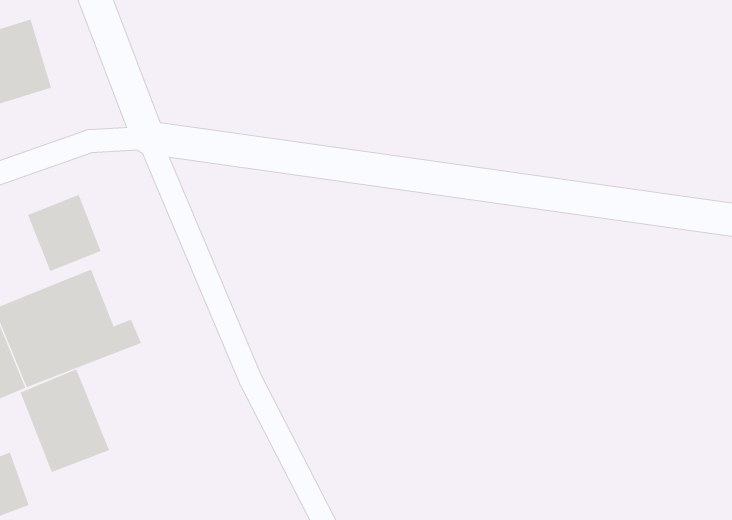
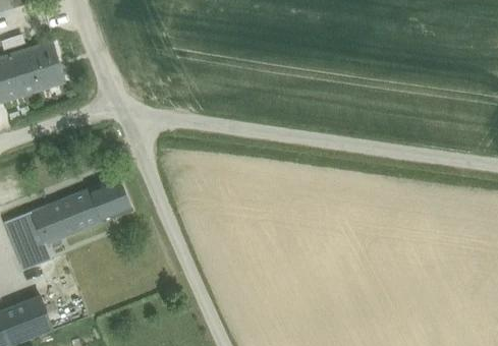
building: [27,194,102,272] -> [89,176,132,222]
building: [20,368,110,473] -> none

